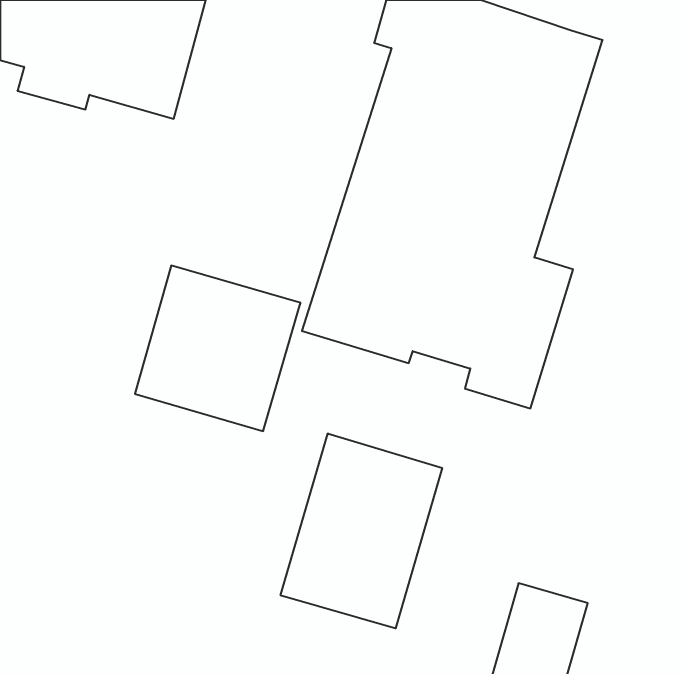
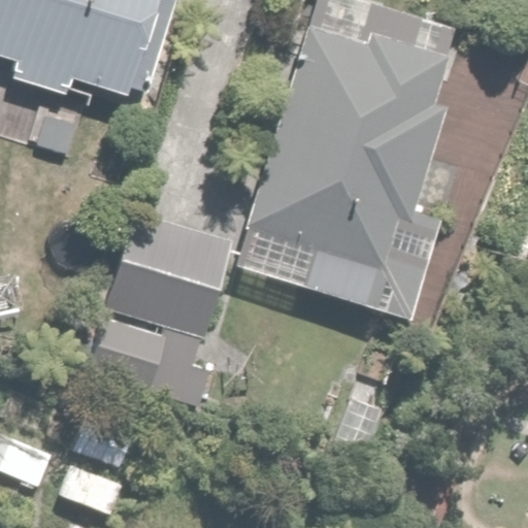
building: none -> [88,310,205,404]
building: [281,433,442,628] -> none

